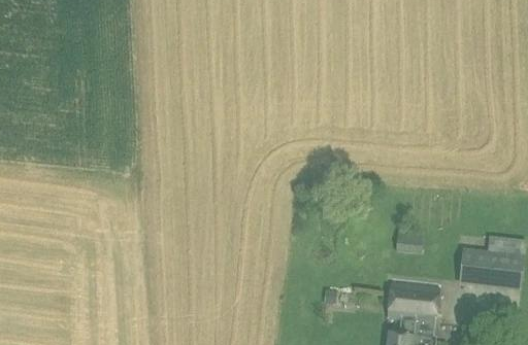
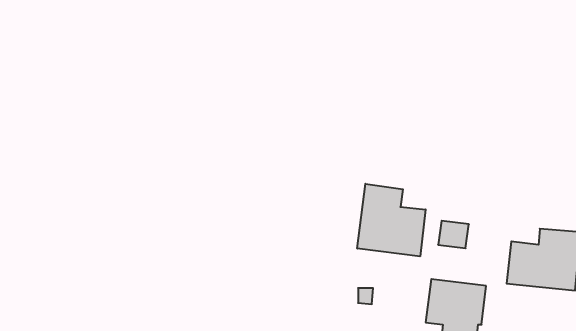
building: none -> [357,184,426,256]

